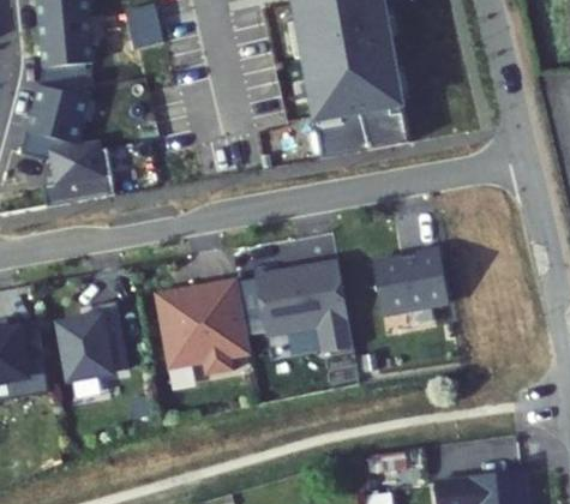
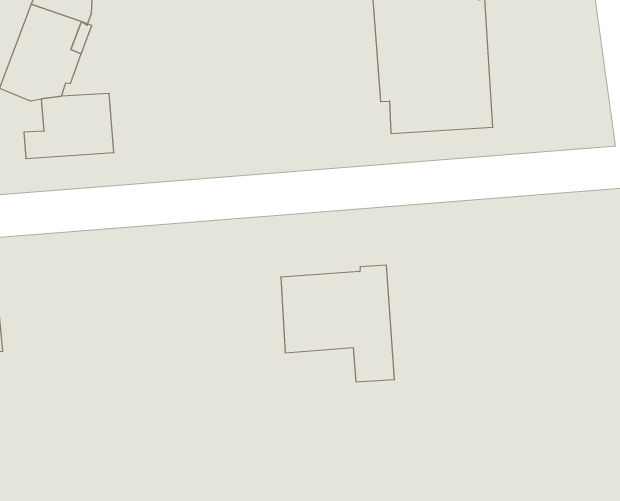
building: [373,247,448,314] -> none
building: [155,277,248,374] -> none
building: [59,300,127,378] -> none

